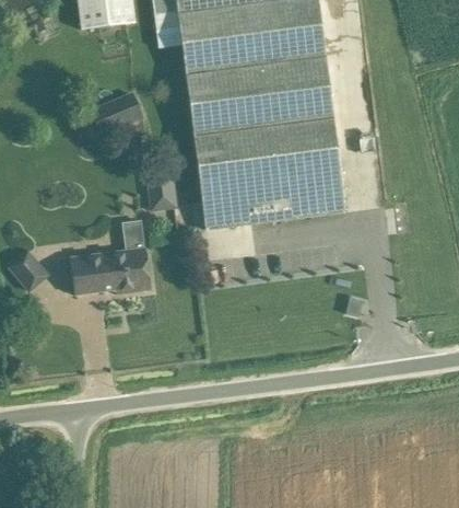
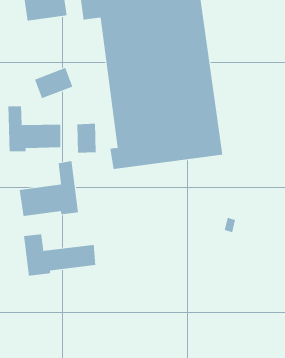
building: none -> [8,106,61,152]
building: none -> [24,234,96,276]

